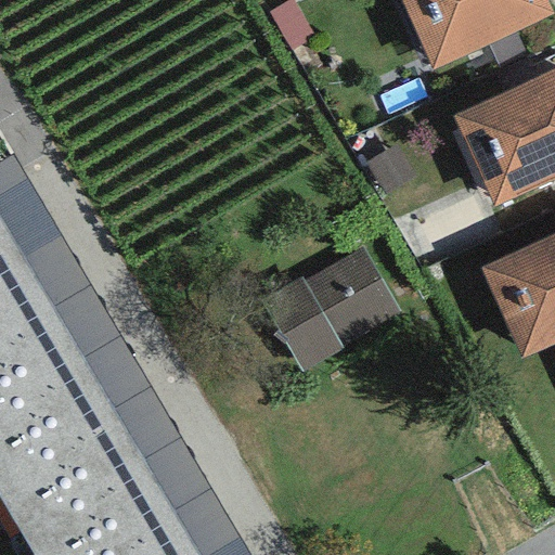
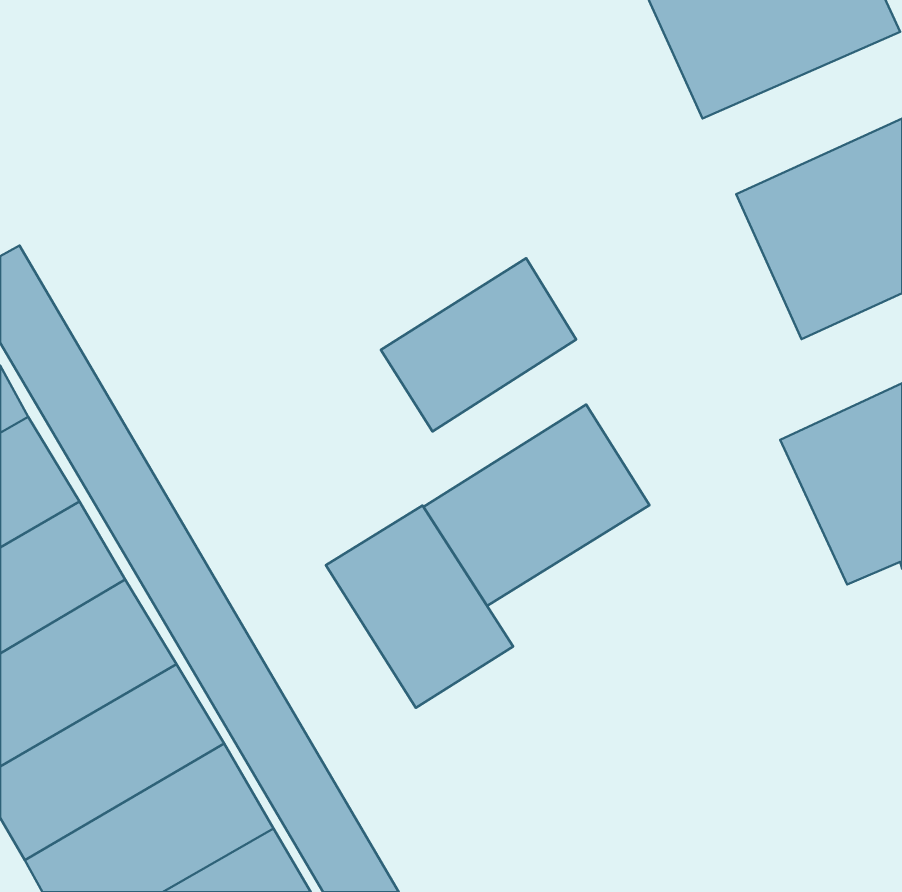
building: none -> [381,258,576,432]
building: none -> [326,505,513,708]

